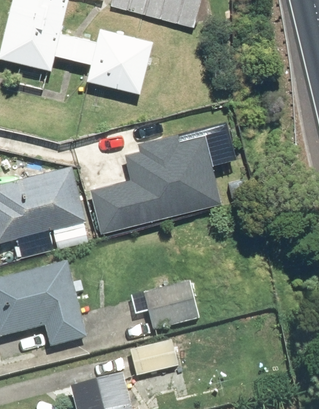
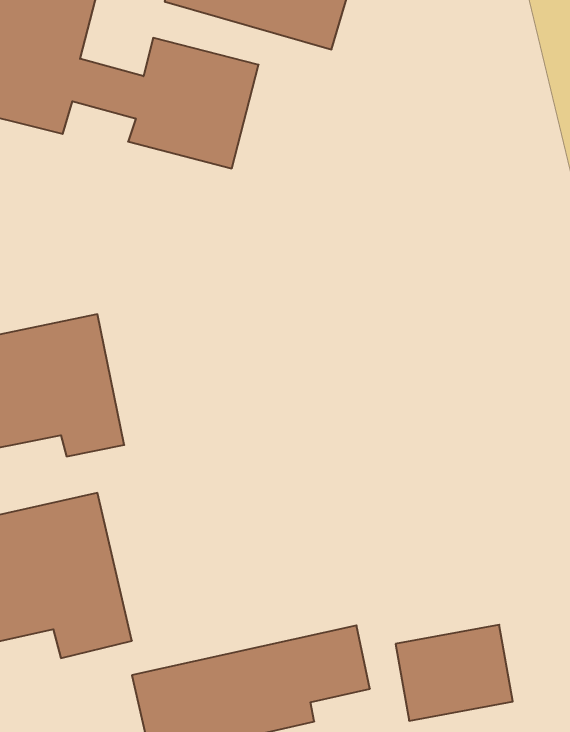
building: [91,131,219,229] -> none
building: [141,285,202,335] -> [396,625,513,721]

